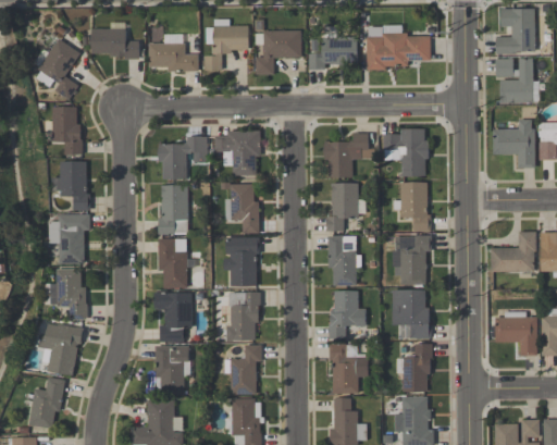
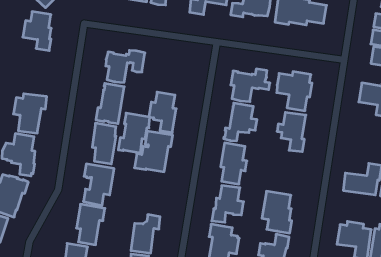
building: [215,131,261,175] -> none
building: [52,162,90,211] -> none
building: [392,235,432,285] -> none
building: [226,293,261,342] -> [118,113,150,153]

